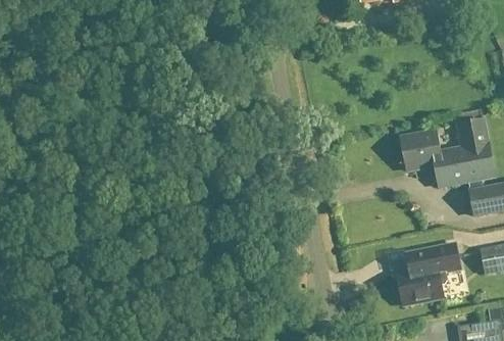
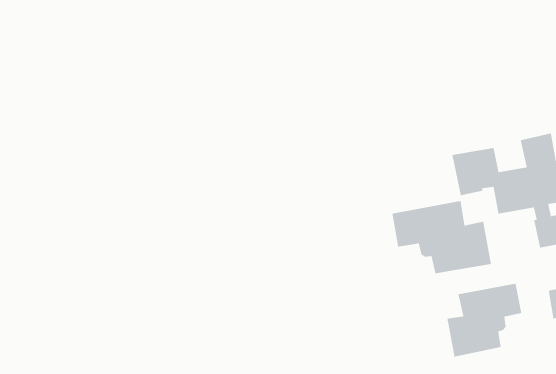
building: none -> [392,200,492,274]

